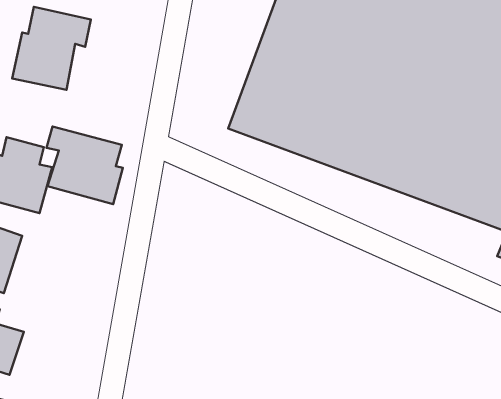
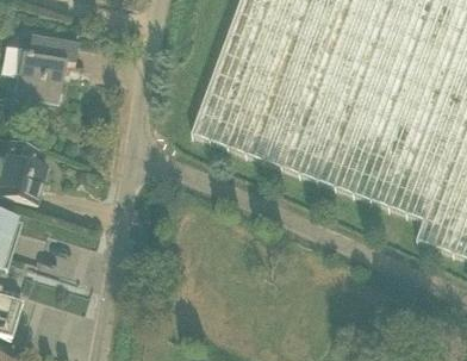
building: [46,126,123,204] -> none

